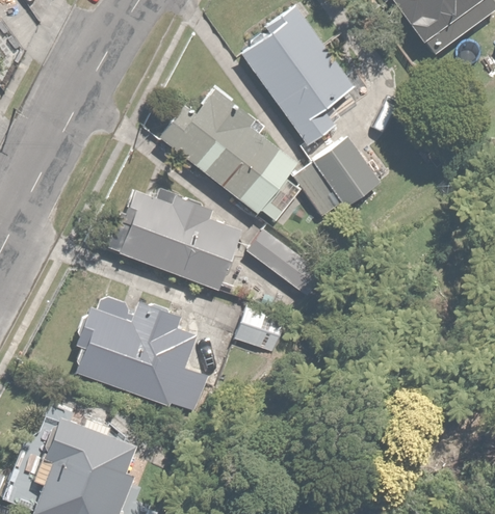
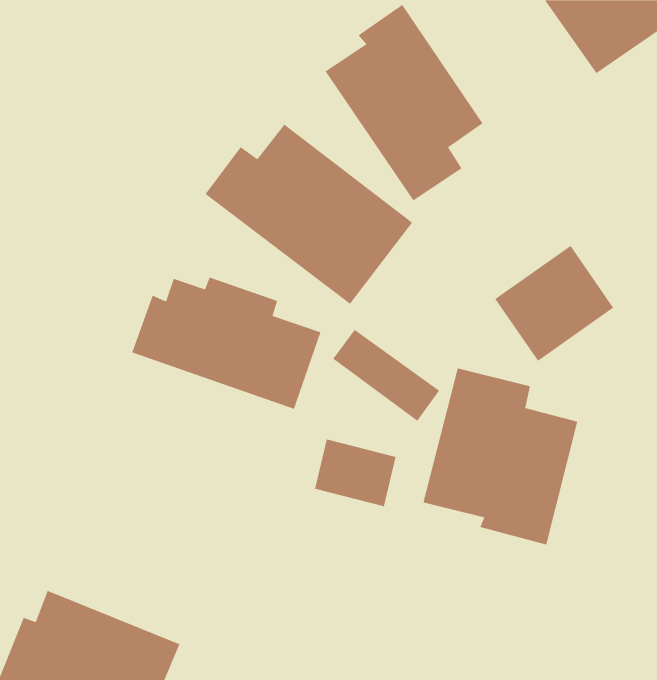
building: [295,139,379,220] -> [494,245,614,362]
building: none -> [423,367,578,545]
building: [76,300,199,406] -> none

